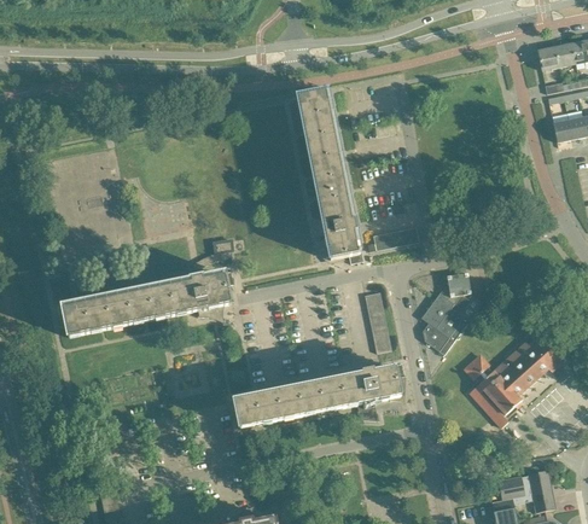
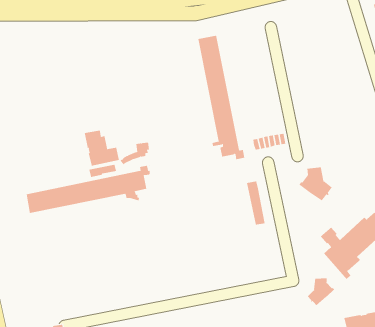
building: none -> [84,130,120,167]
building: [420,295,467,354] -> none
building: [233,360,404,426] -> none
building: none -> [307,278,335,306]

